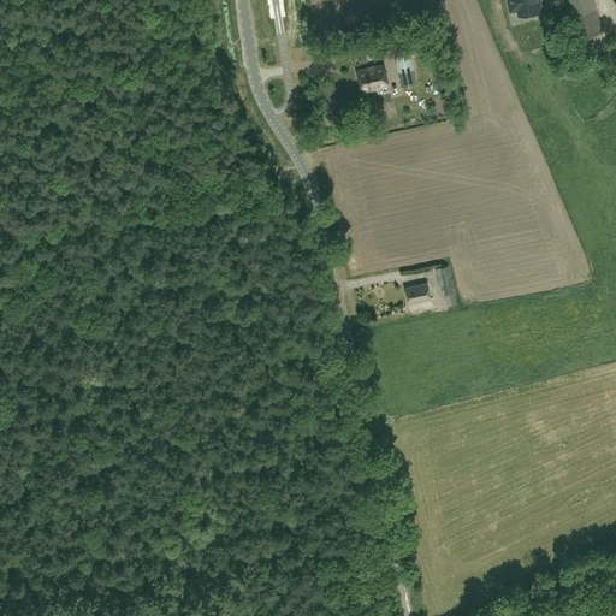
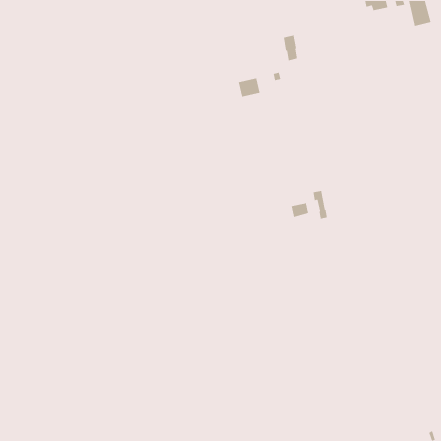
building: [357,65,389,93] -> [238,78,260,97]

